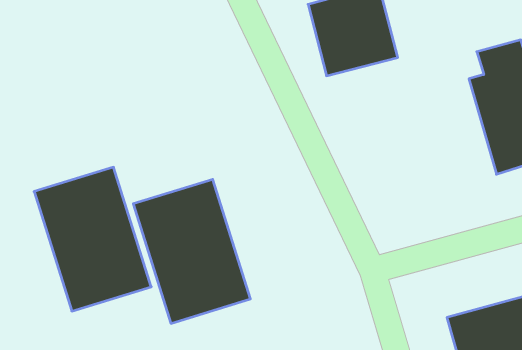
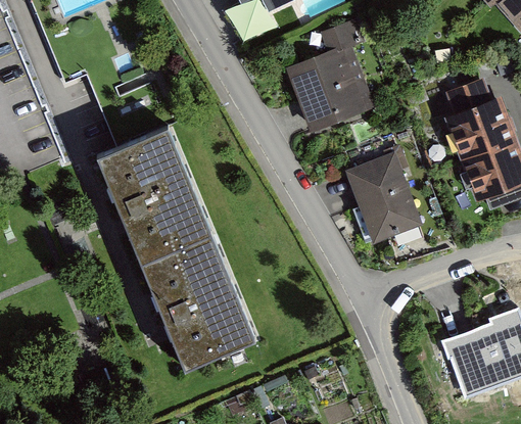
building: none -> [344,152,424,245]
building: [34,167,151,311] -> [97,126,212,262]

